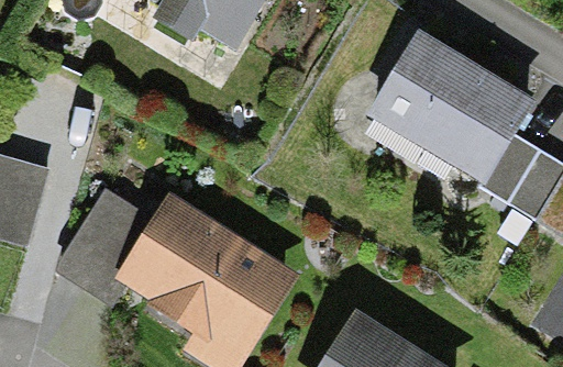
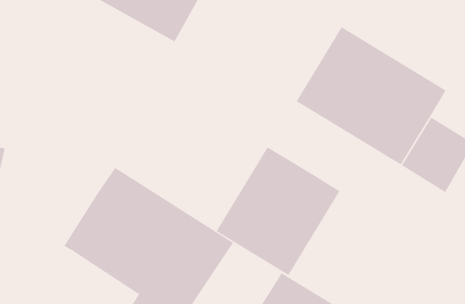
building: none -> [216,146,340,276]
building: [60,197,145,300] -> none

